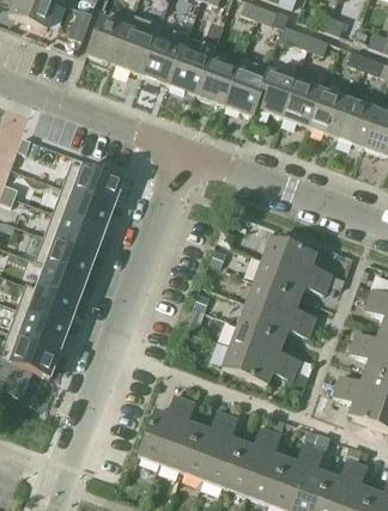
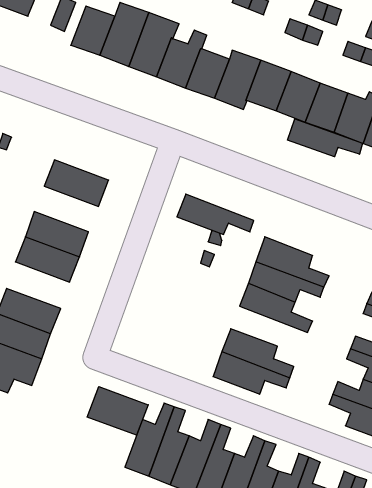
building: none -> [288,119,362,157]
building: [53,188,114,231] -> none
building: [26,260,86,304] -> none
building: [240,302,313,340] -> [177,194,254,234]
building: none -> [87,387,148,435]

